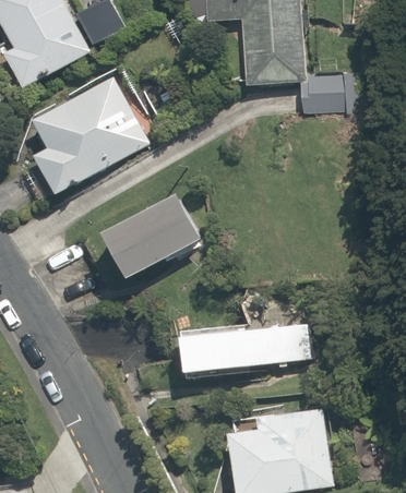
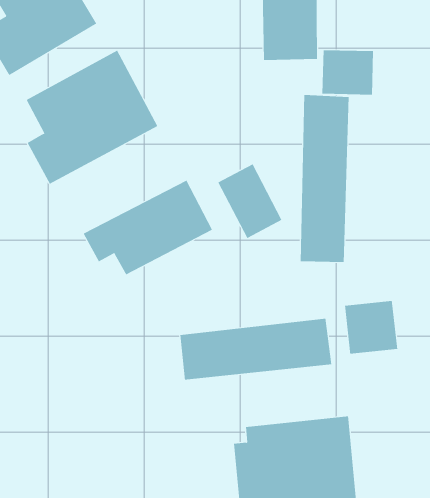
building: none -> [300,94,349,263]
building: none -> [218,164,282,239]
building: none -> [345,300,398,354]

